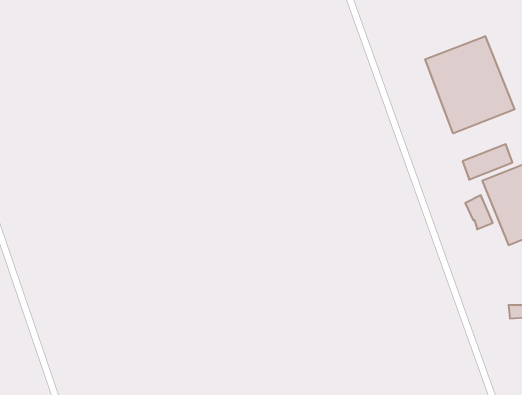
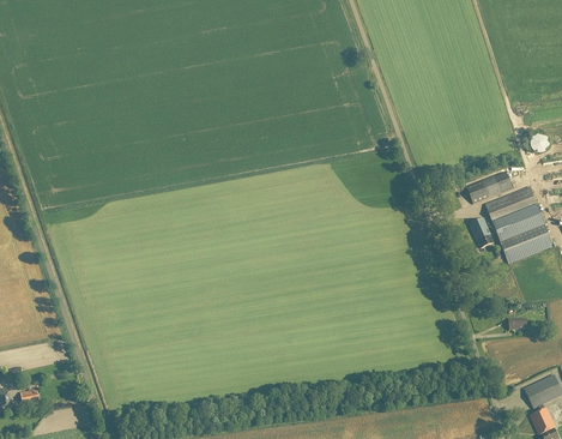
building: [425,36,515,133] -> none

